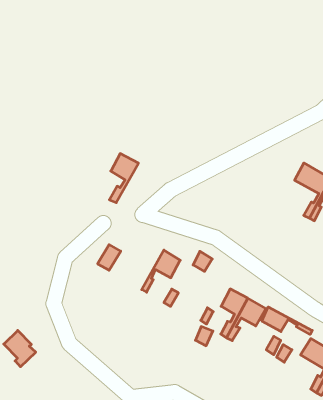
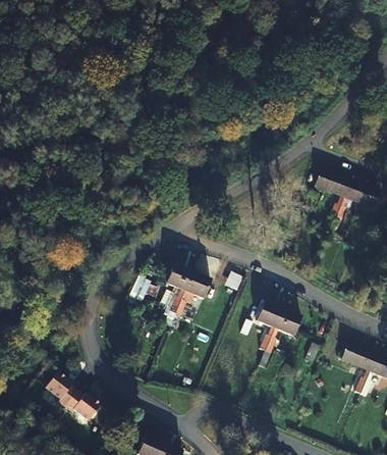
building: [109,154,138,203] -> [166,265,192,314]
building: [262,307,312,334] -> none
building: none -> [64,389,101,420]

